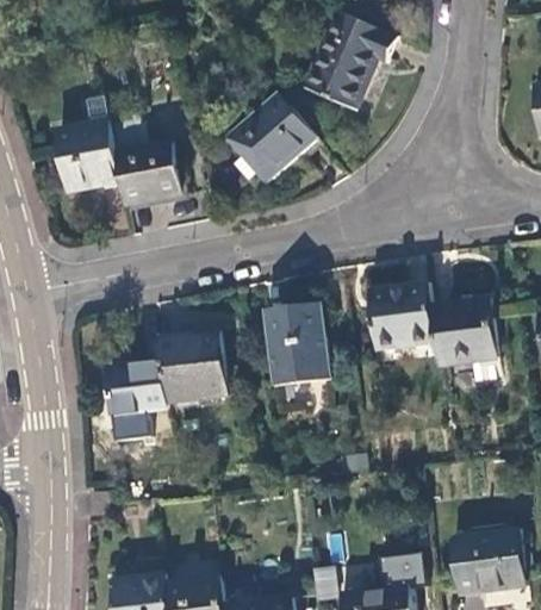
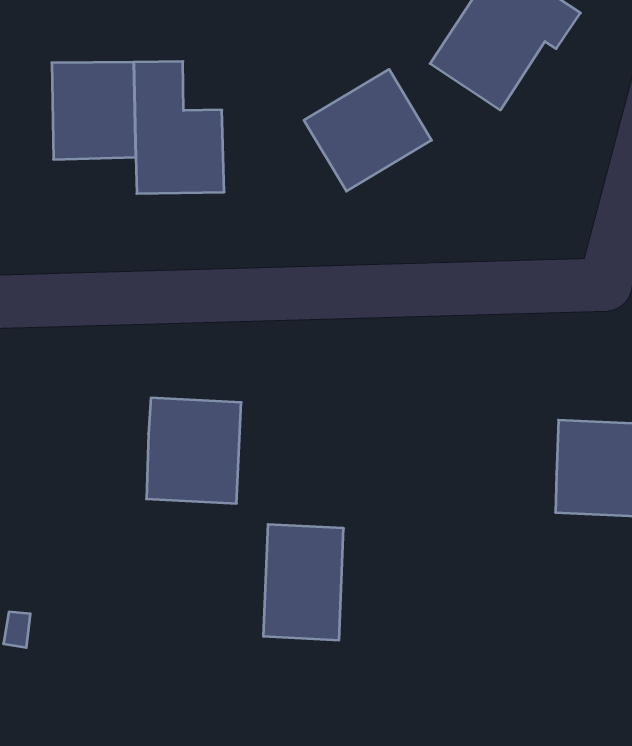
building: [367,282,433,350] -> none
building: [267,305,327,385] -> [263,524,344,640]
building: [105,361,167,417] -> none

